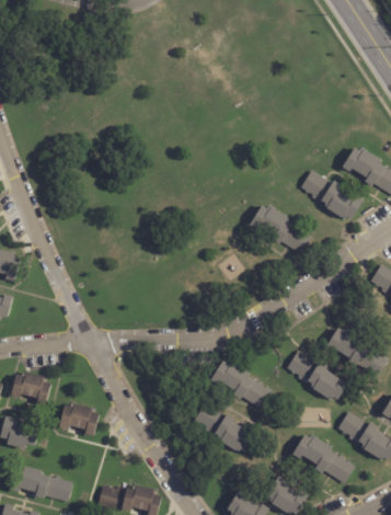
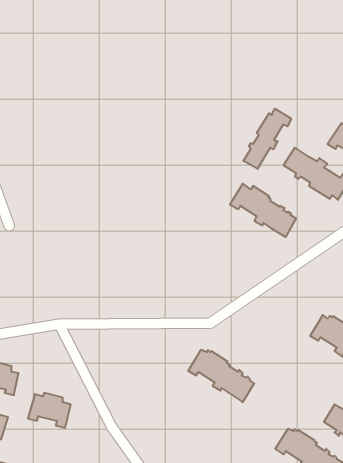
building: none -> [243,109,291,169]
building: [287,351,350,400] -> none
building: [194,403,257,453] -> none

